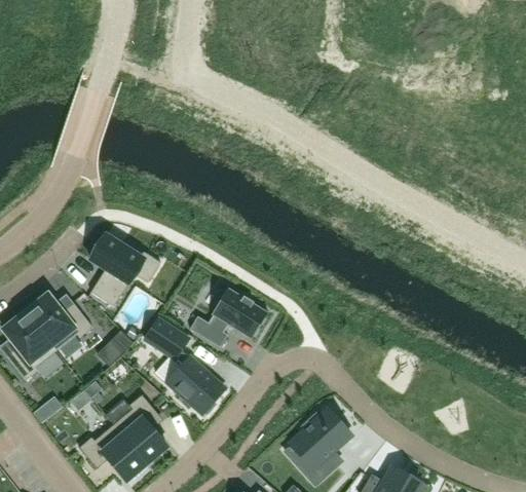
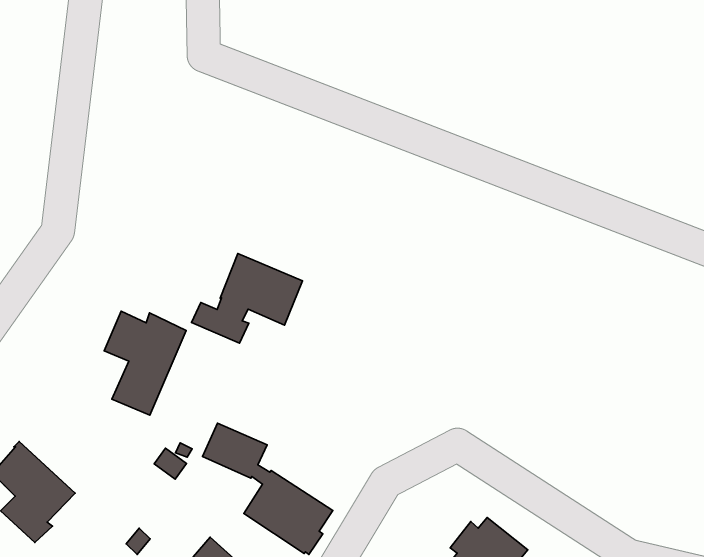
building: [190,289,268,348] -> [191,254,302,343]
building: [25,295,92,352] -> none

